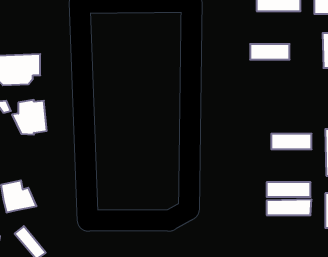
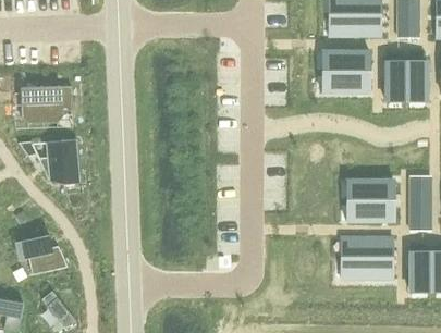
building: none -> [320,51,368,70]
building: none -> [385,60,403,101]
building: none -> [344,201,393,220]

